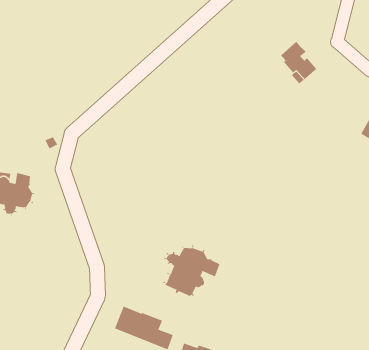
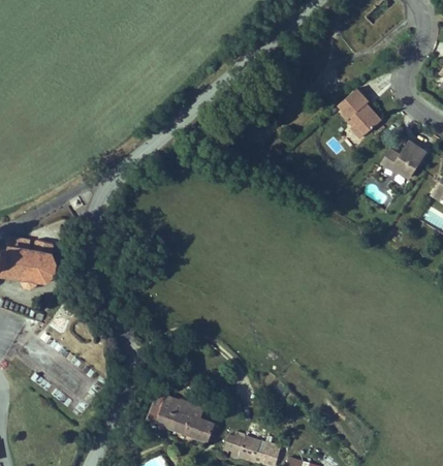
building: none -> [382,141,426,178]
building: [162,245,220,300] -> none

